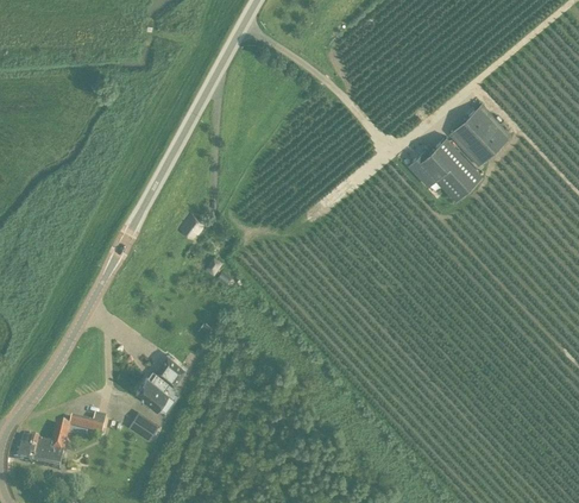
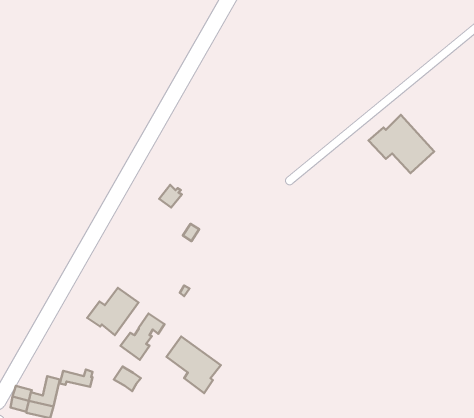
building: [449,103,511,165] -> none
building: none -> [87,288,138,335]
building: none -> [166,336,221,393]

